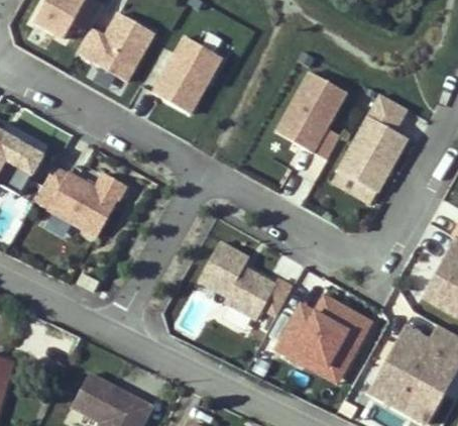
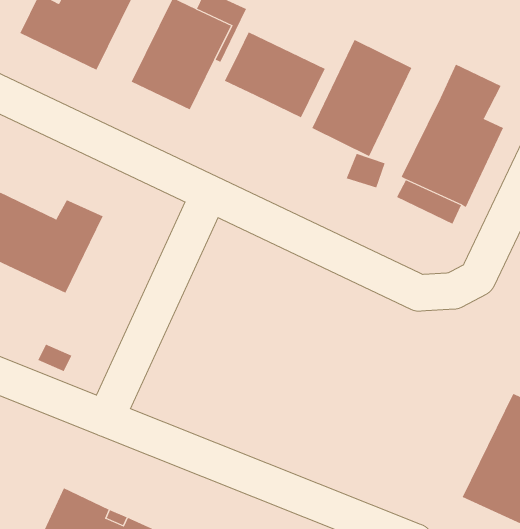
building: none -> [224,31,326,118]
building: [198,240,294,322] -> none
building: [273,293,373,386] -> none

